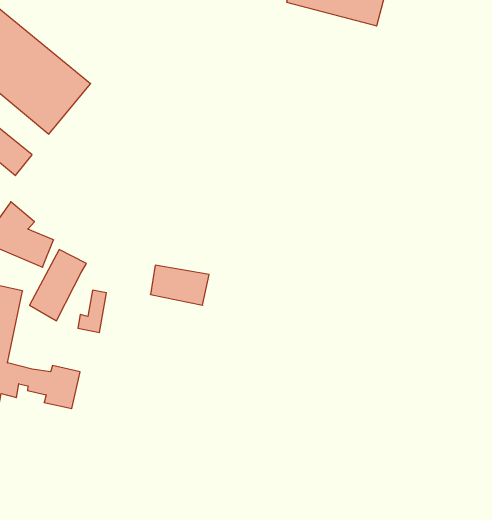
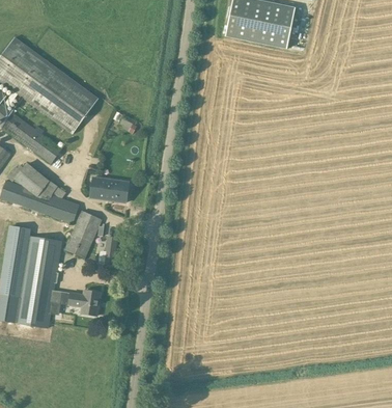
building: [150,265,209,305] -> [90,178,129,202]

